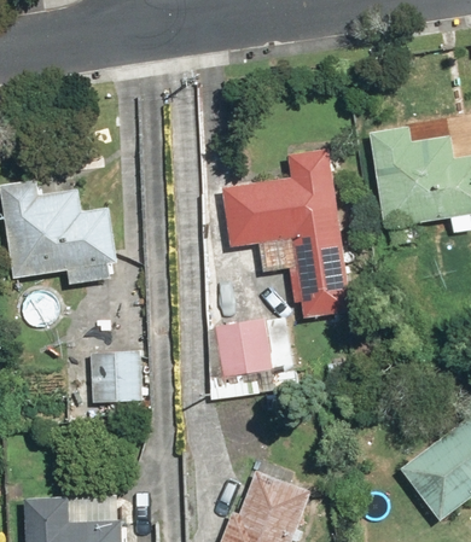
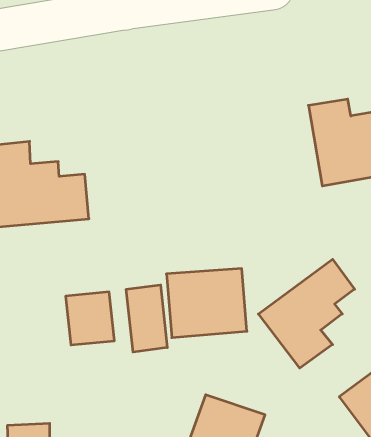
building: [225,155,356,315] -> none
building: none -> [258,259,355,368]
building: none -> [126,285,167,352]

